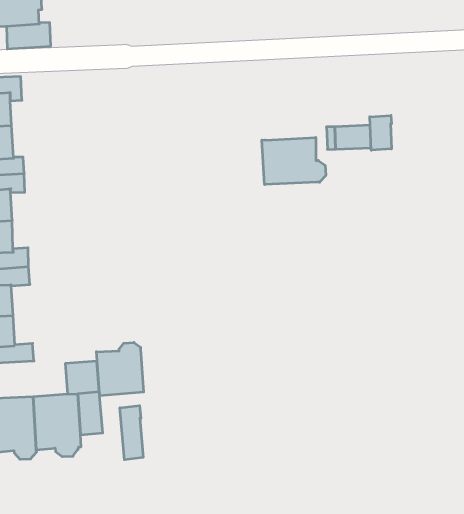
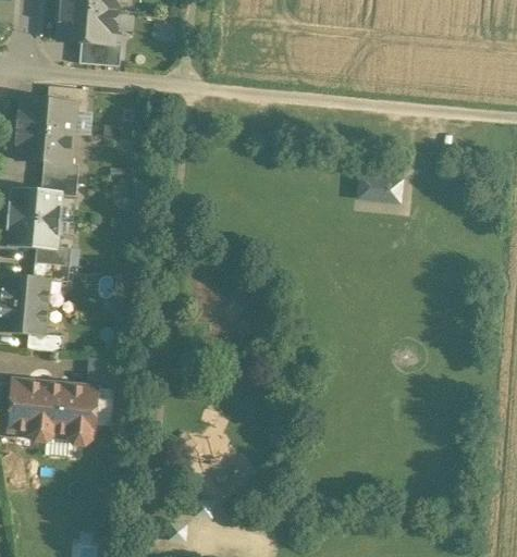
building: [370,115,392,150] -> none
building: [262,137,326,185] -> none
building: [96,342,144,396] -> none
building: [120,406,143,460] -> none

